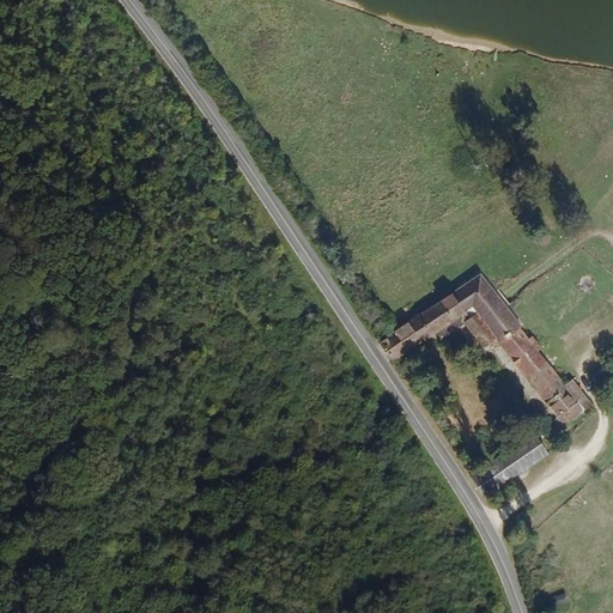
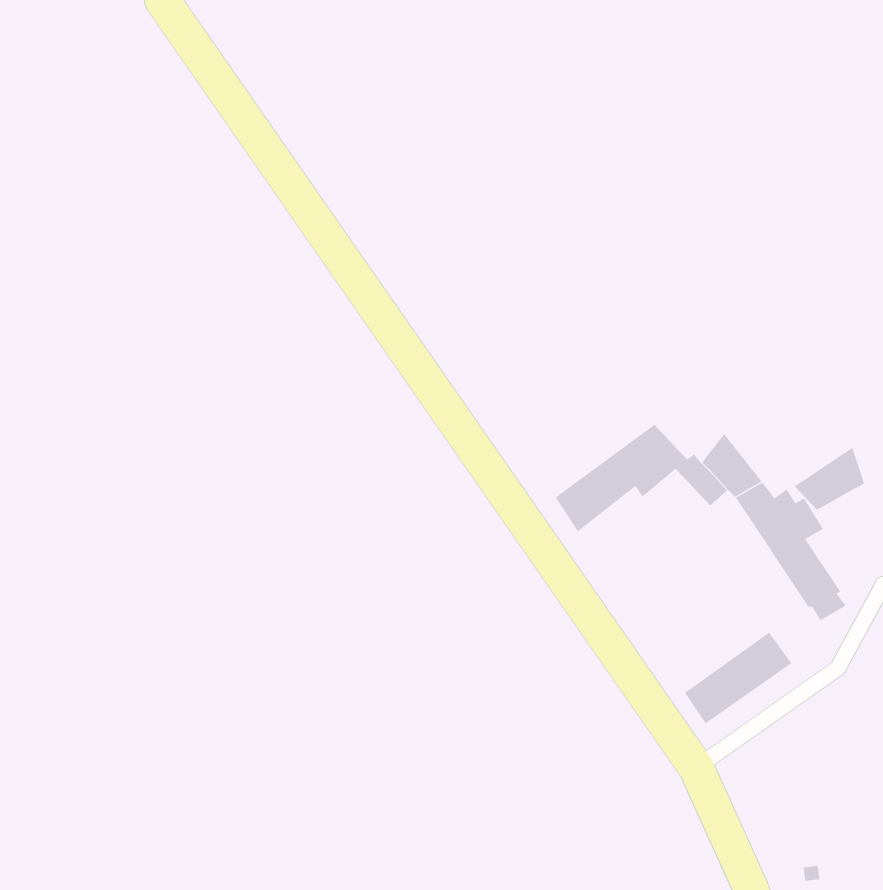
building: [449,273,497,318] -> none
building: none -> [794,447,864,510]

